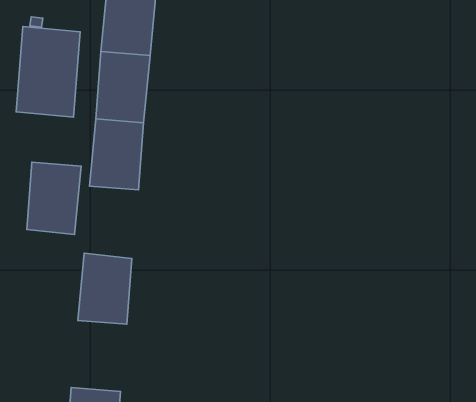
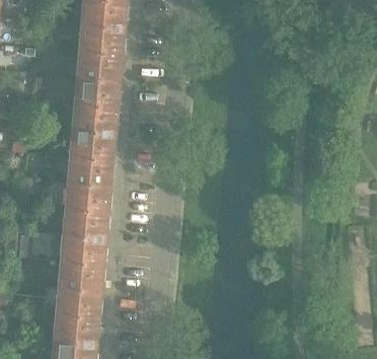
building: [16,26,80,117] -> none
building: [27,162,81,235] -> [67,180,109,236]
building: none -> [57,285,100,341]

